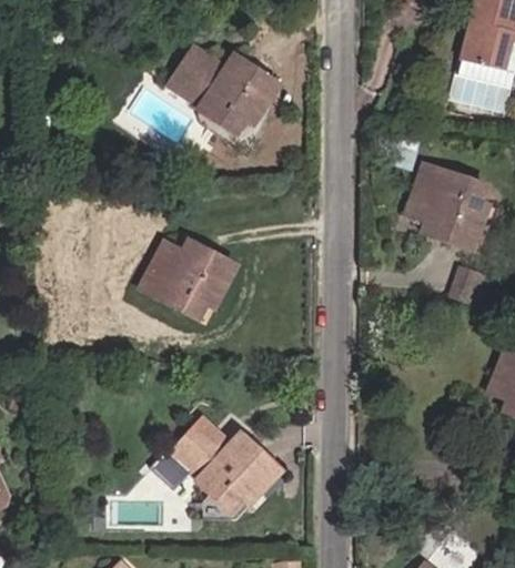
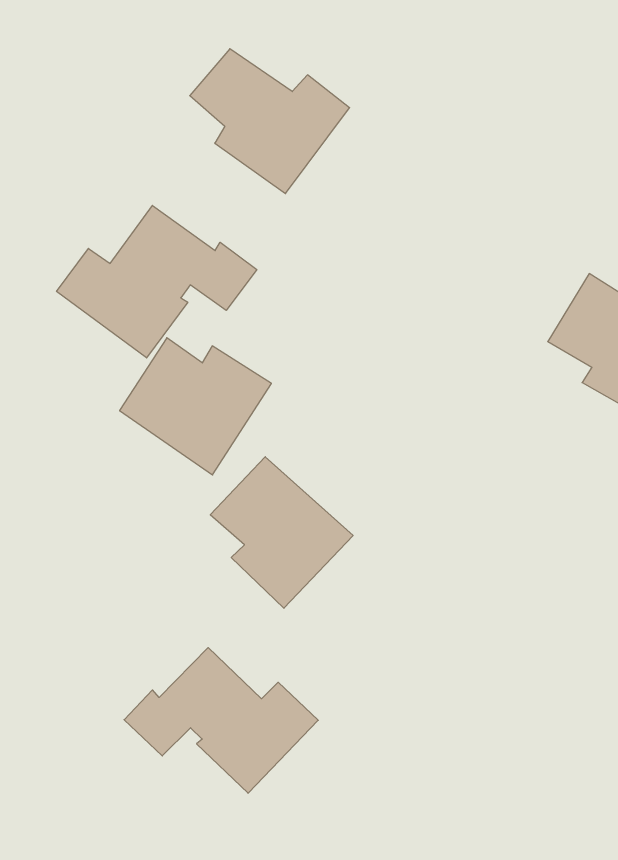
building: none -> [57,205,257,358]
building: none -> [210,457,353,608]

